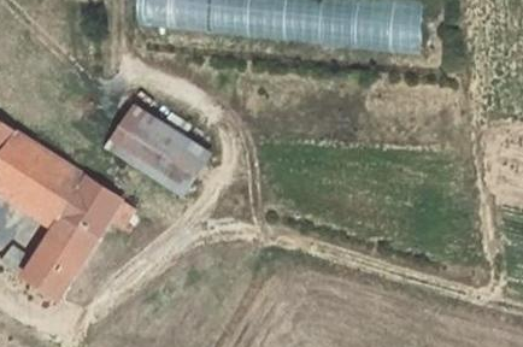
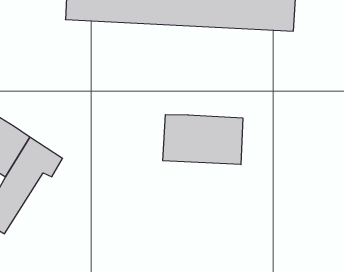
building: [108,105,211,196] -> none
building: none -> [163,115,243,165]

